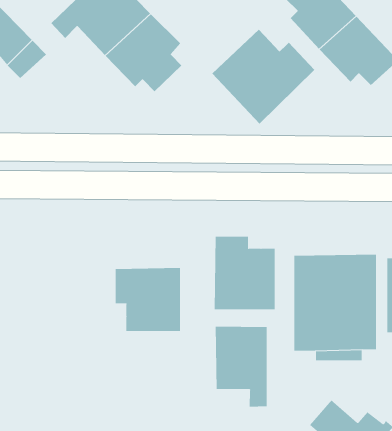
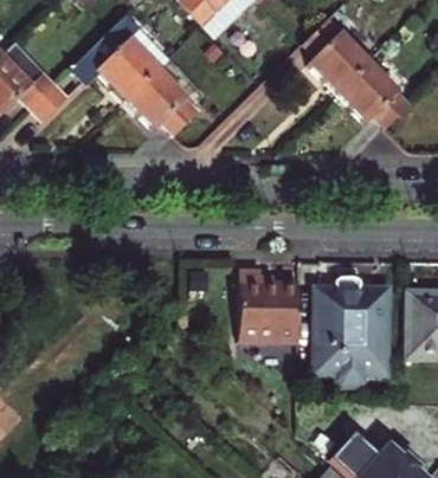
building: [212,29,315,124] -> none
building: [115,267,180,332] -> none
building: [215,326,267,407] -> none

